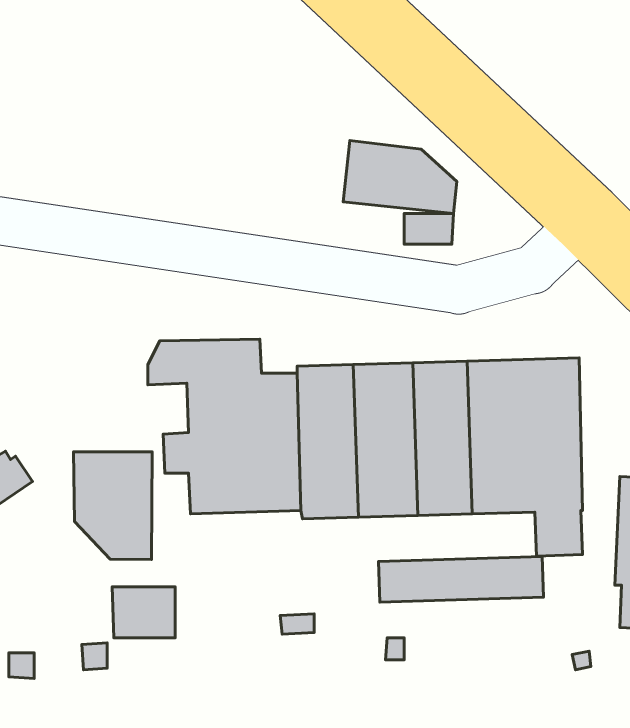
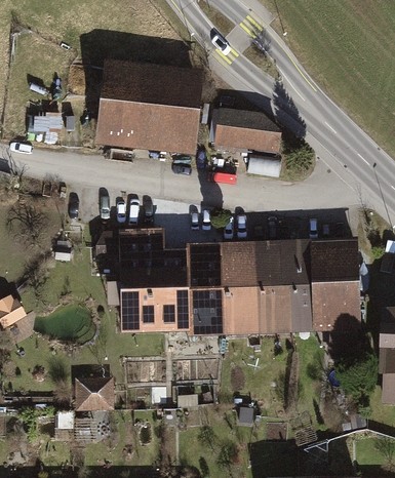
building: none -> [95,61,204,157]
building: [74,452,152,559] -> none
building: [379,556,544,602] -> none

